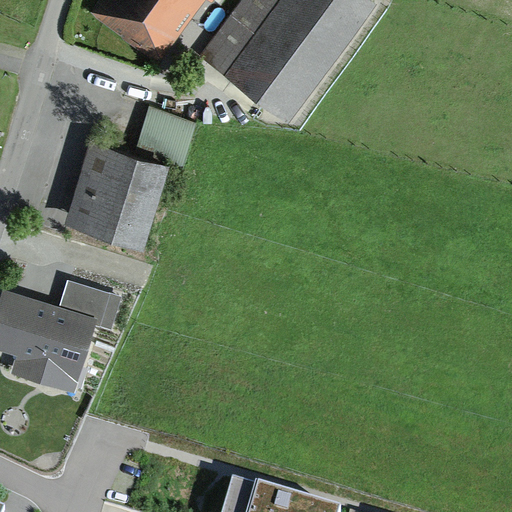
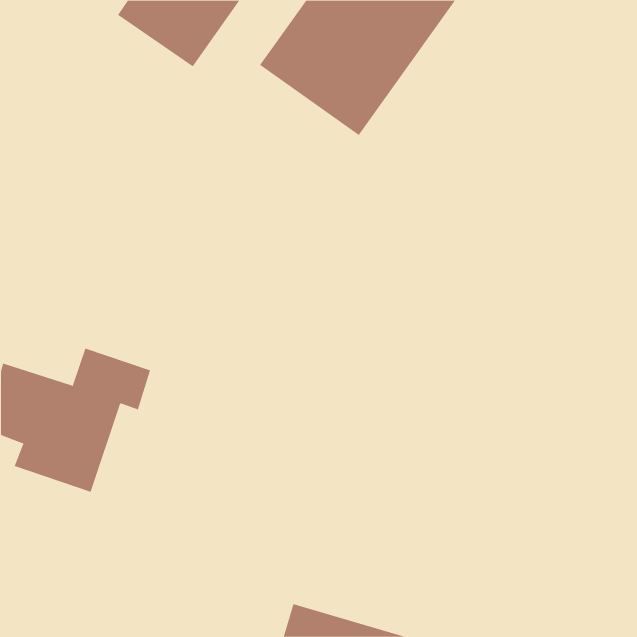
building: [69,110,191,239] -> none

